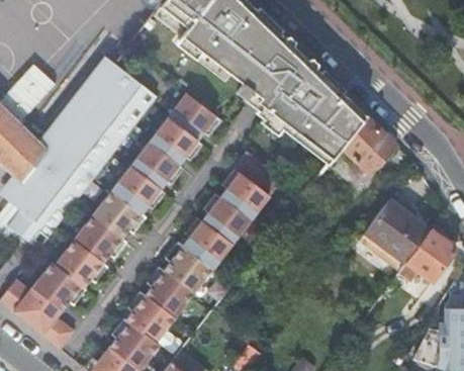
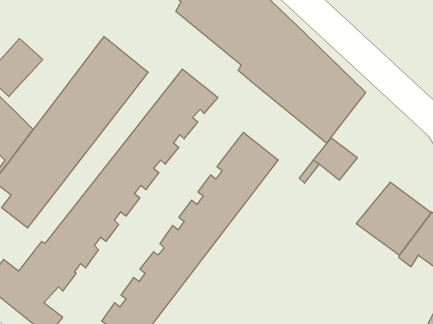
building: [340,115,395,173] -> none

